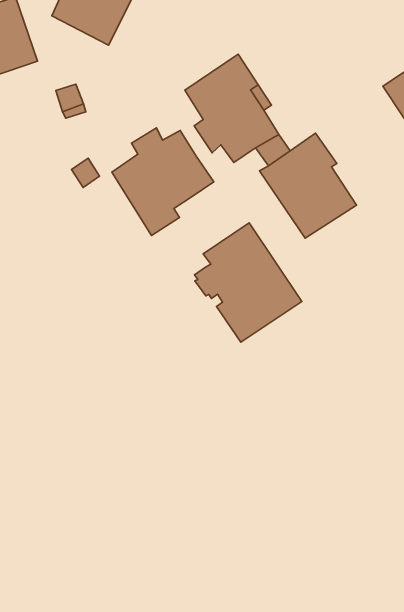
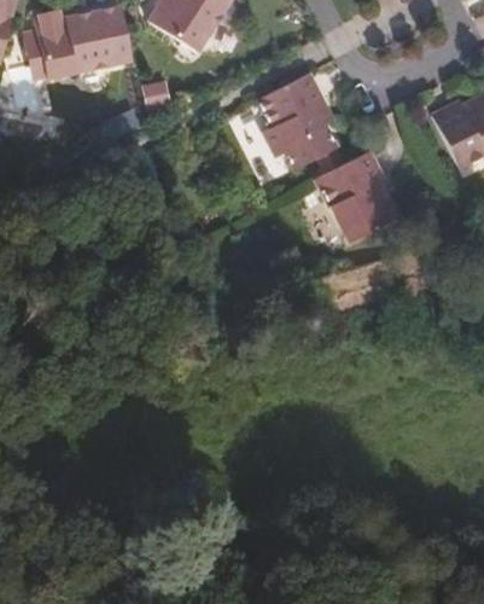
building: [112,128,214,235] -> none
building: [194,223,302,342] -> none

